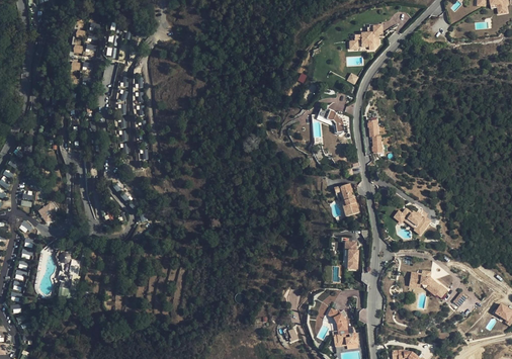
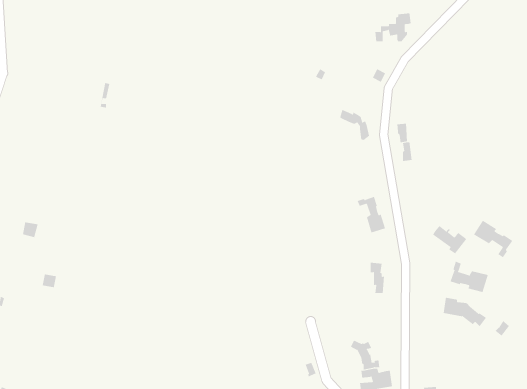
building: none -> [473,220,513,258]
building: none -> [450,261,488,293]

